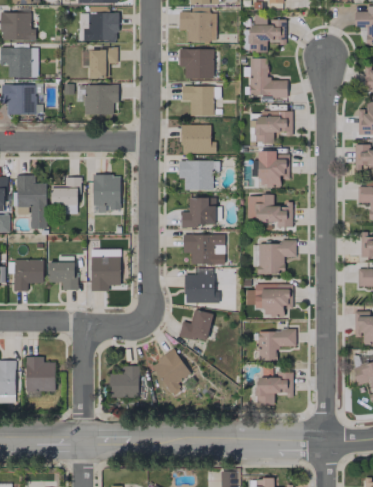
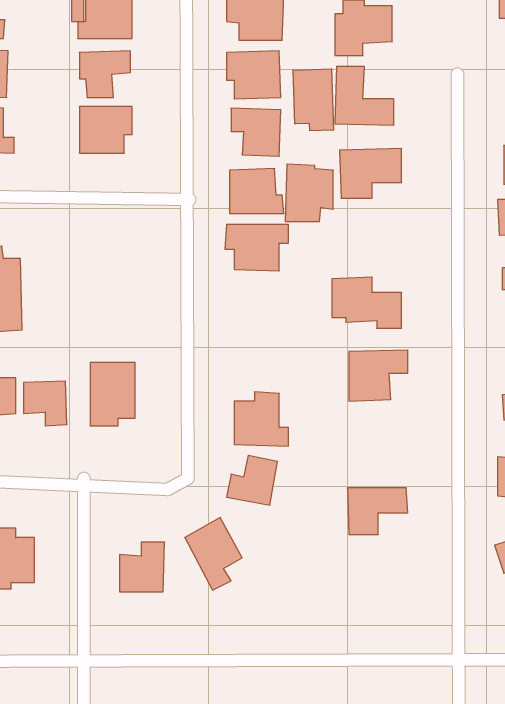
building: none -> [293,69,334,131]
building: [258,150,289,187] -> [285,164,333,221]
building: [93,174,120,211] -> none
building: [50,176,79,214] -> none
building: [180,197,216,226] -> none
building: [183,234,224,264] -> none
building: [245,283,292,315] -> none
building: [256,371,293,405] -> none

